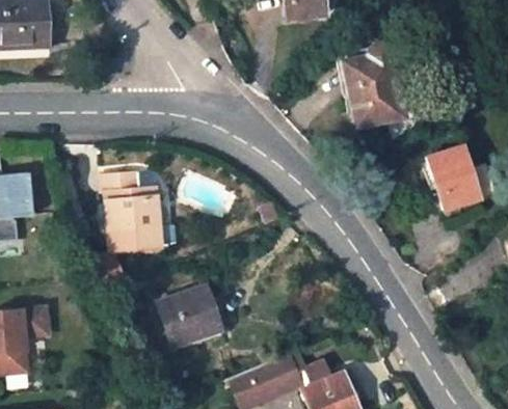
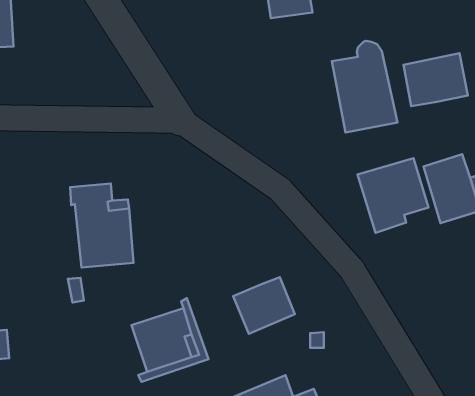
building: none -> [403,53,468,106]
building: none -> [358,158,428,233]
building: none -> [233,277,295,334]

